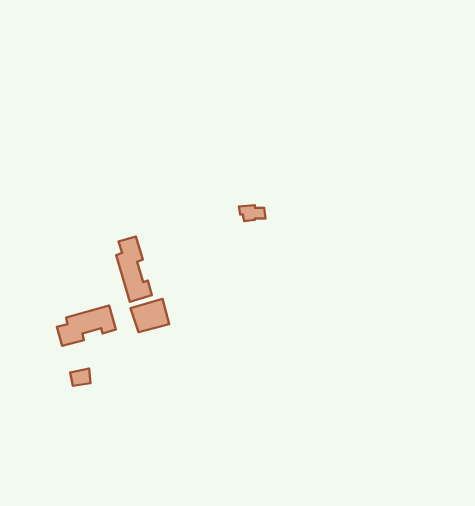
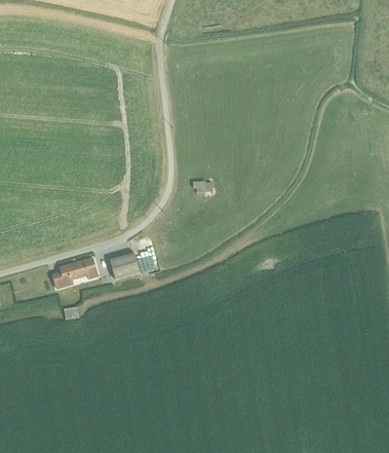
building: [116,237,152,302] -> none

